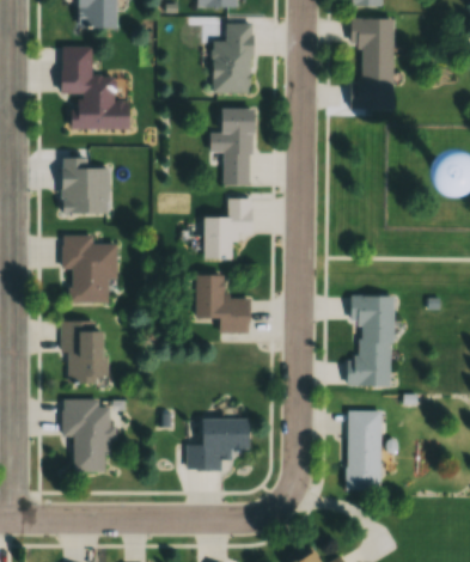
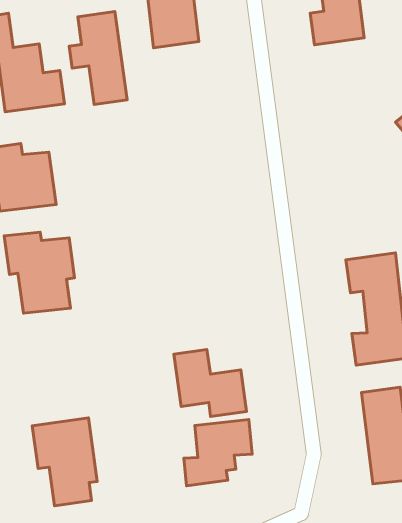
building: [209,109,252,185] -> [69,12,127,104]
building: [203,197,252,259] -> none
building: [195,275,250,332] -> [174,349,246,416]
building: [62,320,109,384] -> none

